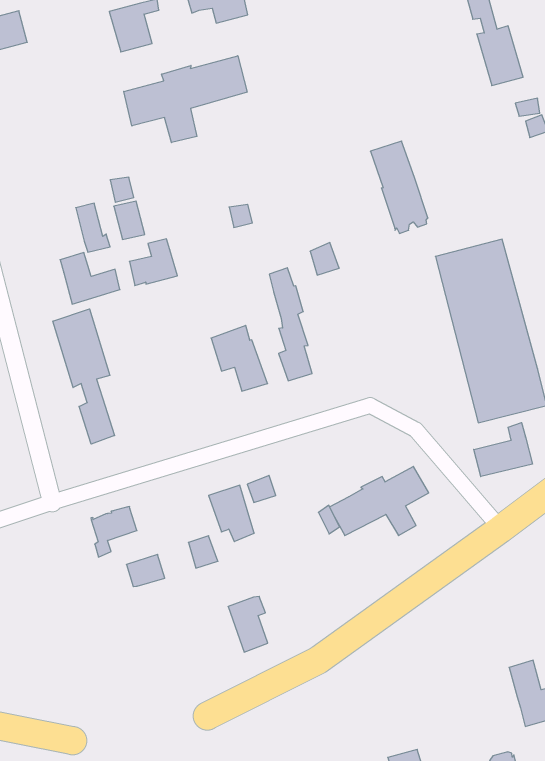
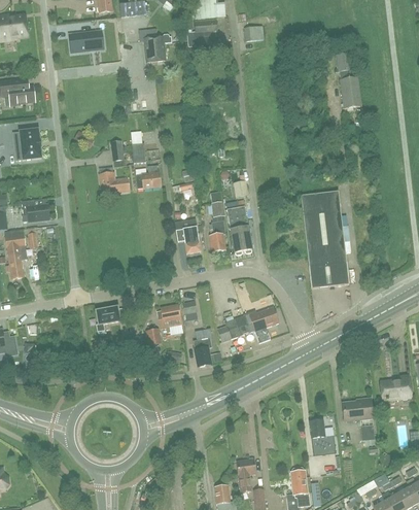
building: [124,56,247,143] -> none
building: [370,141,428,233] -> [226,205,252,254]
building: [53,309,115,444] -> none
building: [474,423,532,477] -> none
building: [228,596,268,652] -> [193,337,212,366]

